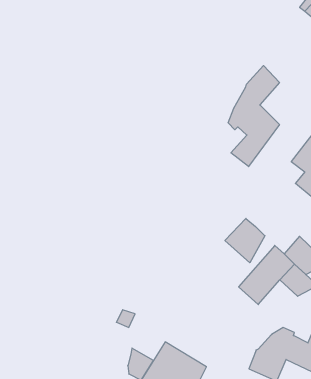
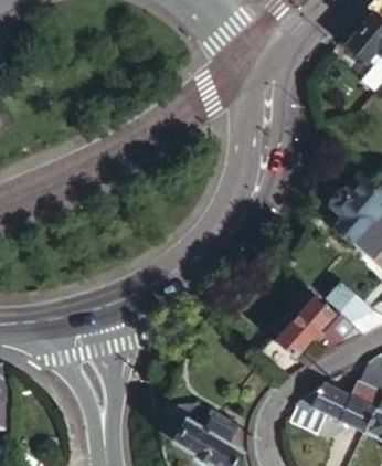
building: [228,66,279,167] -> none
building: [225,218,265,263] -> none

